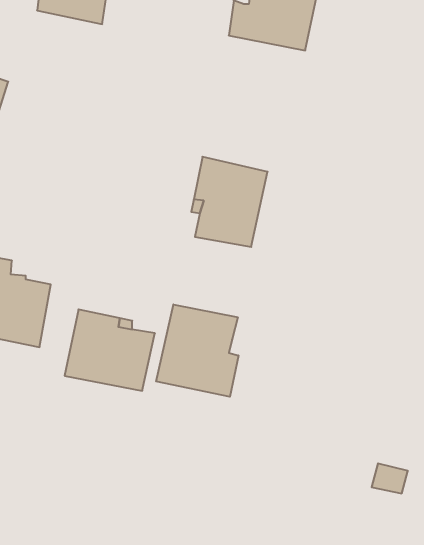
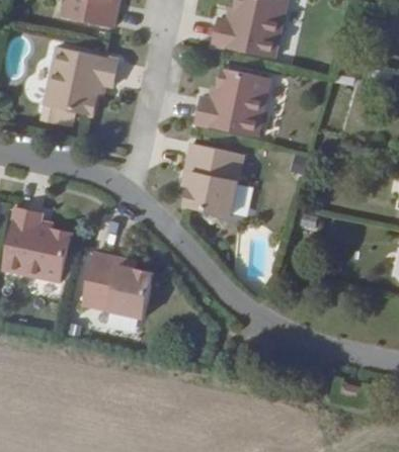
building: none -> [44,47,118,116]
building: none -> [200,58,273,127]
building: [156,304,238,397] -> none

